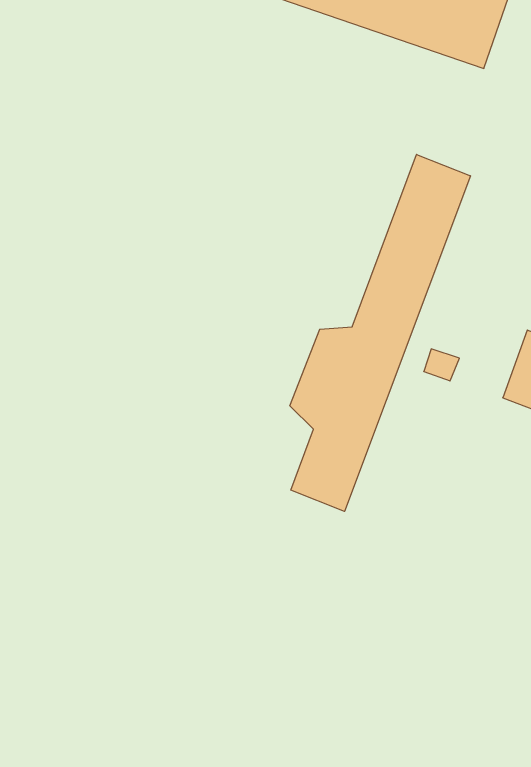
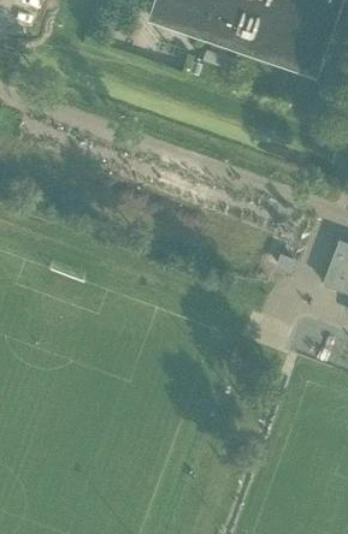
building: [290,154,470,511] -> none

